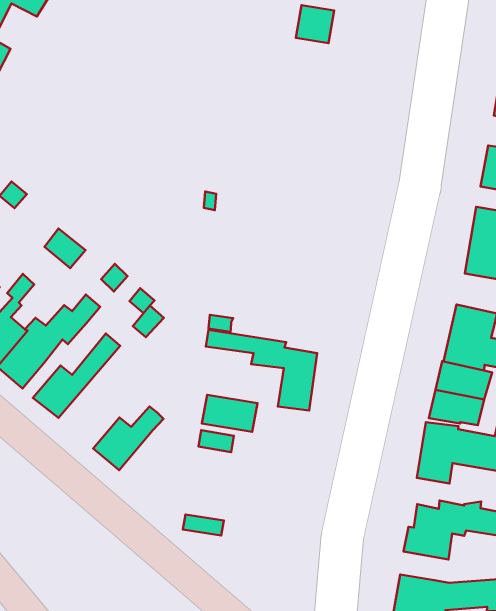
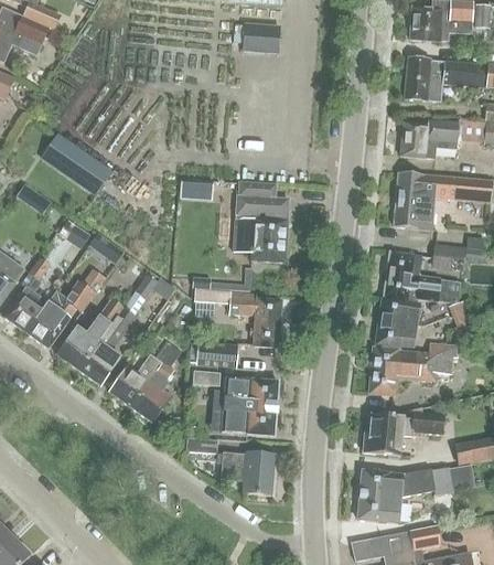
building: none -> [39,131,110,194]
building: none -> [234,181,289,260]
building: none -> [79,307,135,384]
building: none -> [131,342,181,422]
building: none -> [222,371,279,435]
building: none -> [221,451,275,494]

